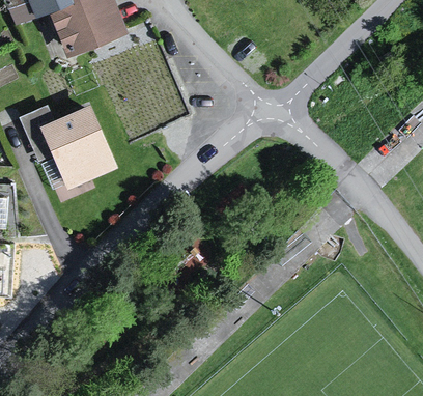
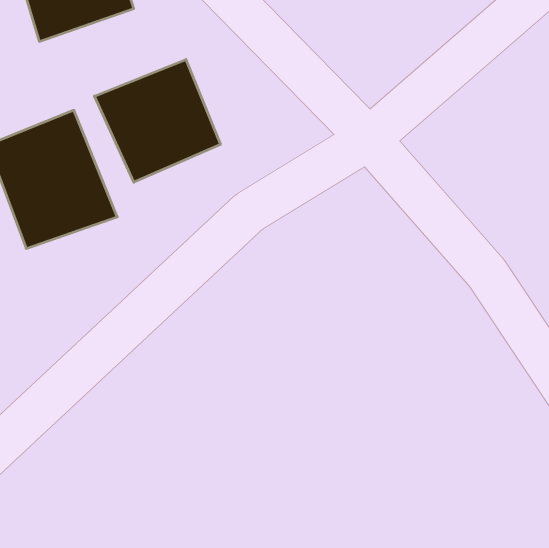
building: none -> [94,59,220,182]

